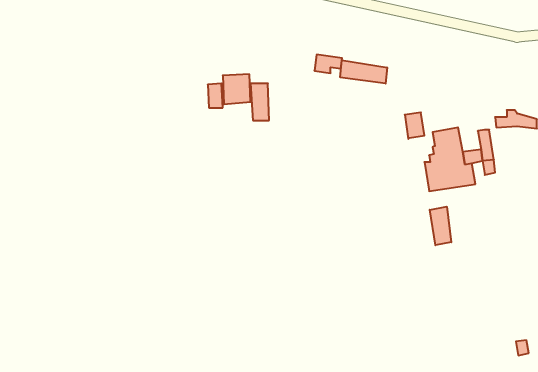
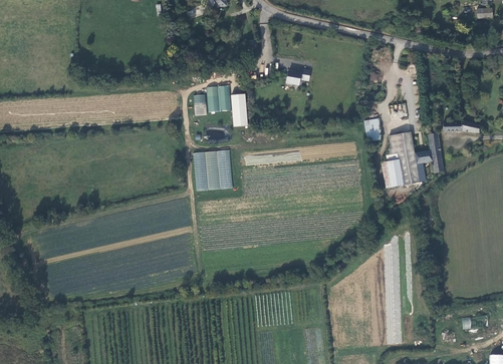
building: [340,60,387,84] -> none
building: none -> [193,149,233,192]
building: [430,207,451,245] -> none

